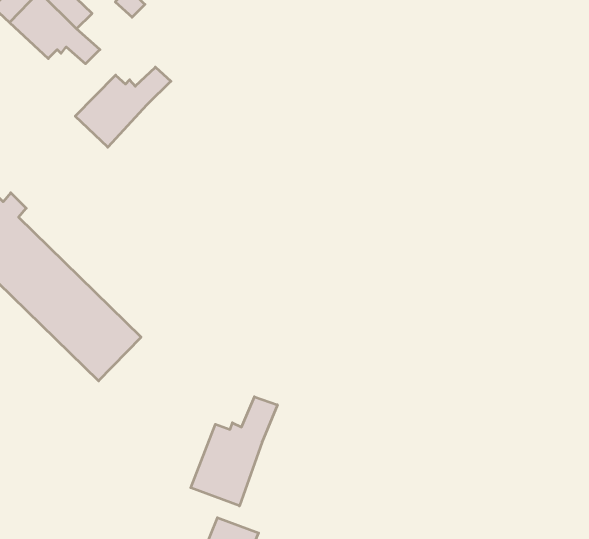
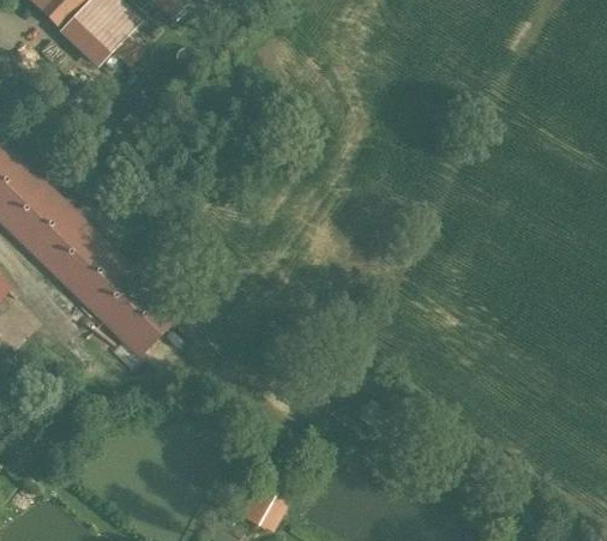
building: [75,67,171,147] -> none
building: [191,397,277,506] -> none

